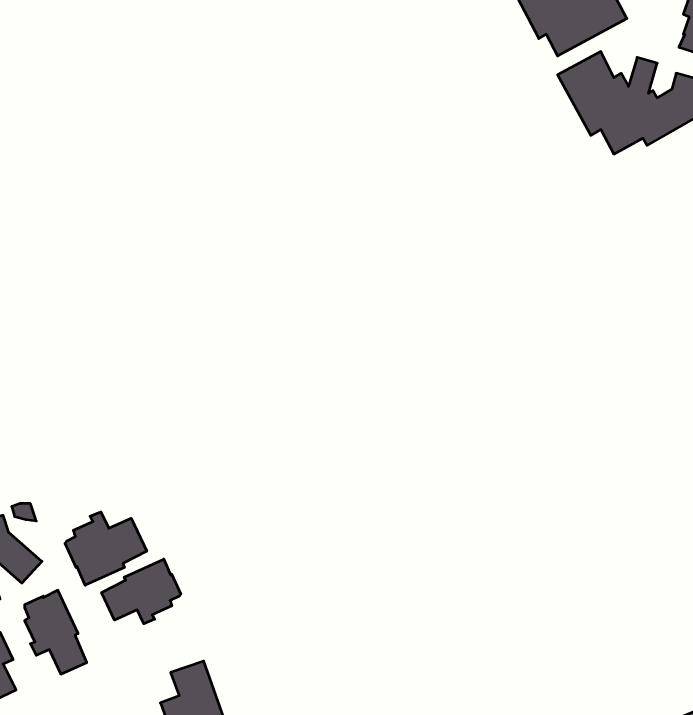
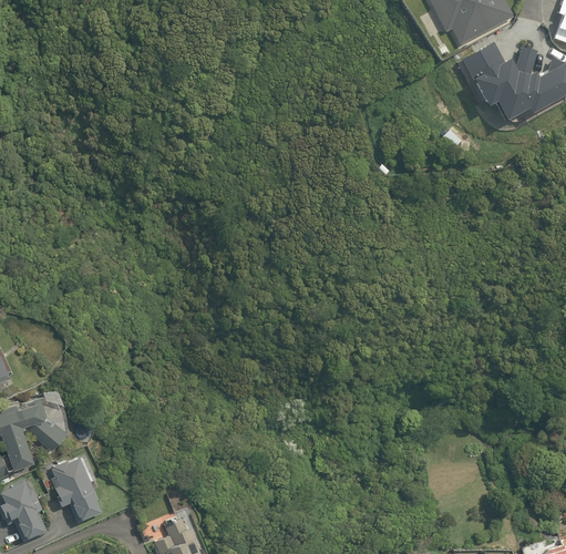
building: [65,512,147,585] -> none
building: [102,559,181,624] -> none

